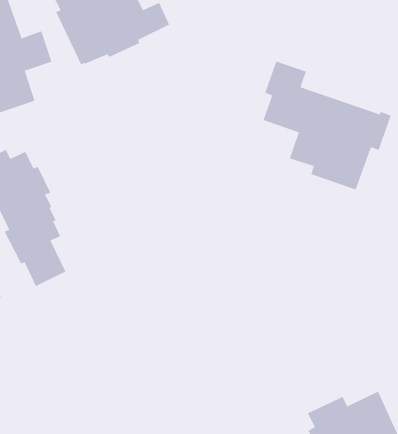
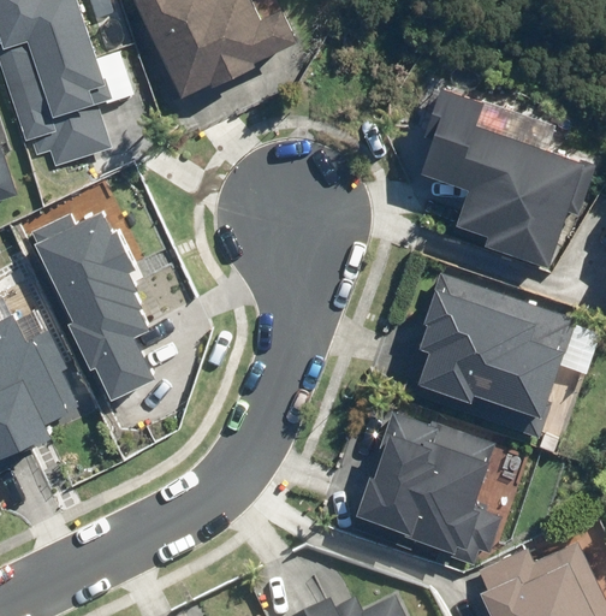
building: none -> [414,272,574,438]
building: none -> [352,413,503,553]

